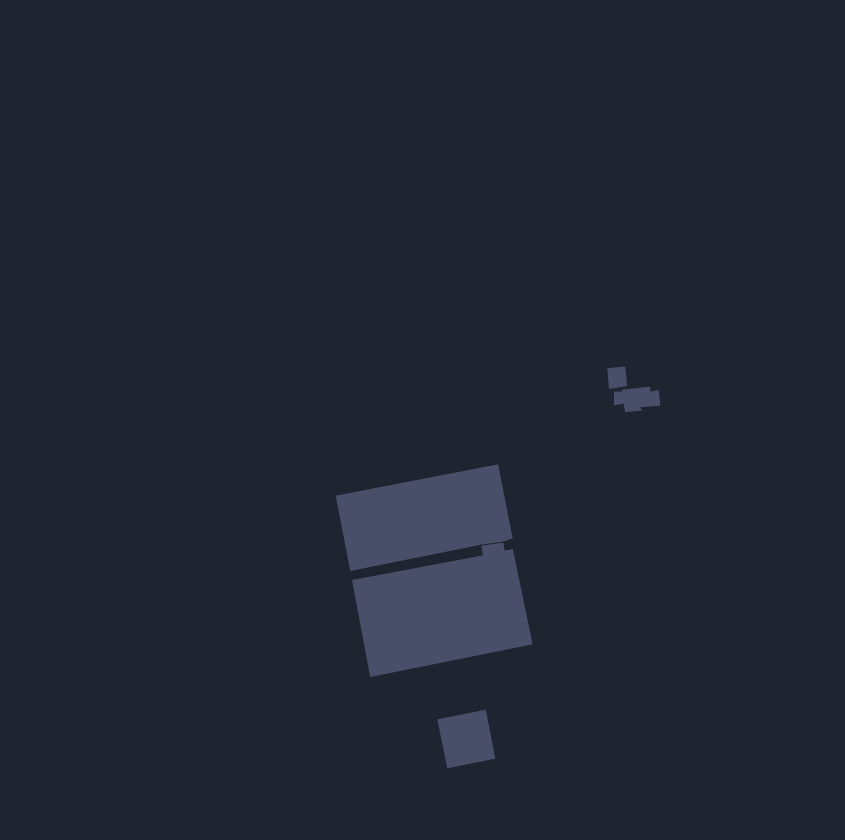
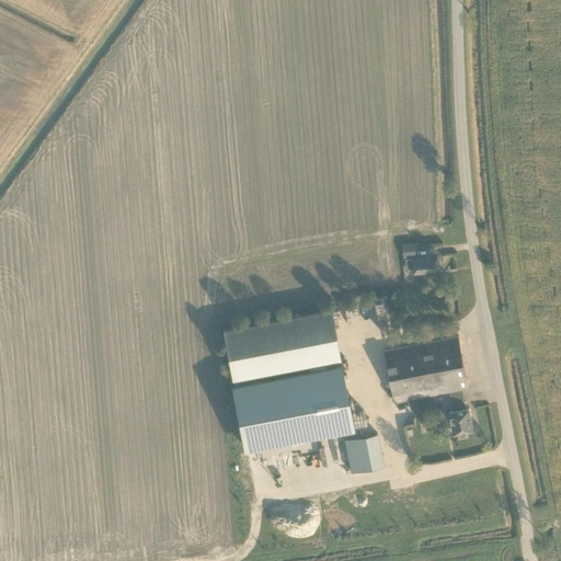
building: none -> [383,339,472,436]
building: [437,709,496,769] -> [343,435,382,474]

